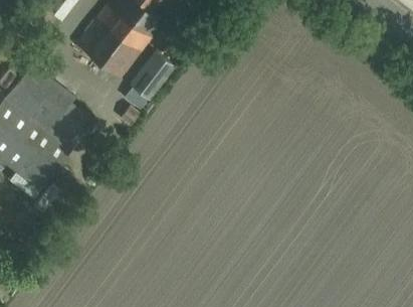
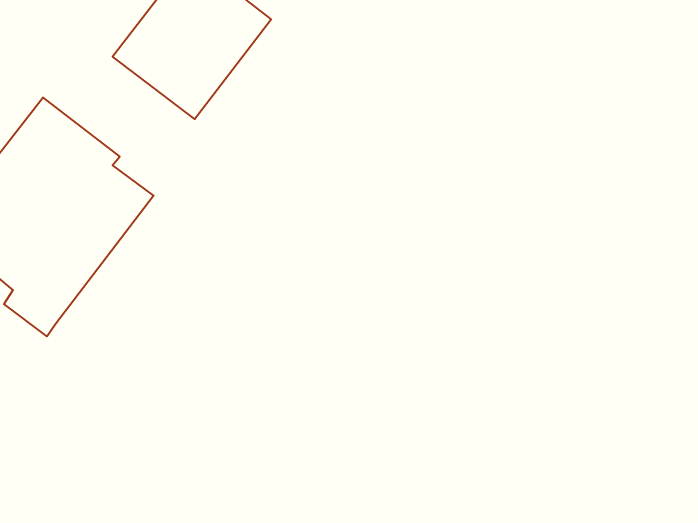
building: [128,52,174,102] -> none

